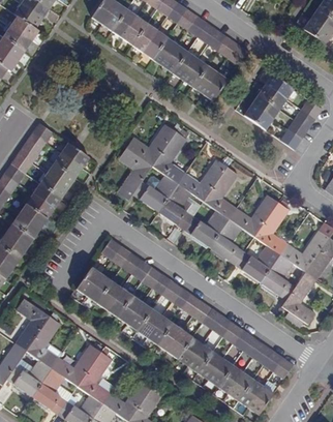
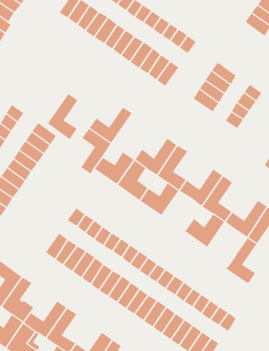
building: [152,131,187,184] -> [47,93,78,140]
building: [209,219,245,265] -> none
building: [261,254,296,301] -> none

